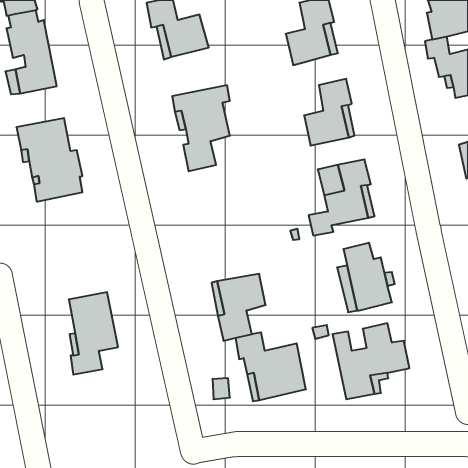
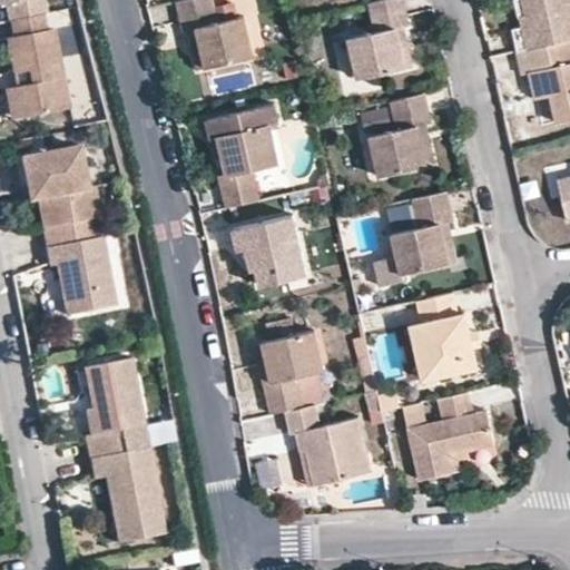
building: none -> [235,218,309,288]
building: none -> [46,234,116,313]
building: none -> [88,445,160,540]

